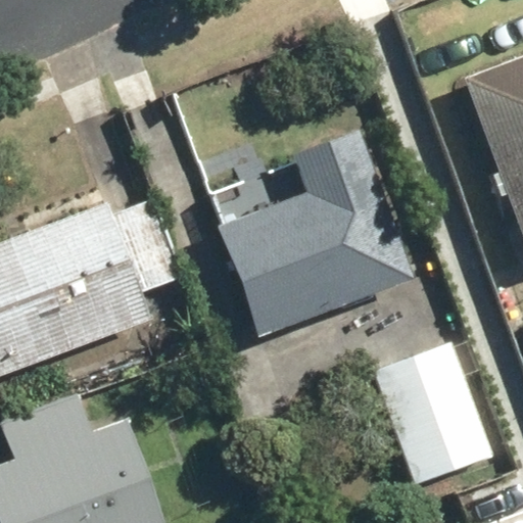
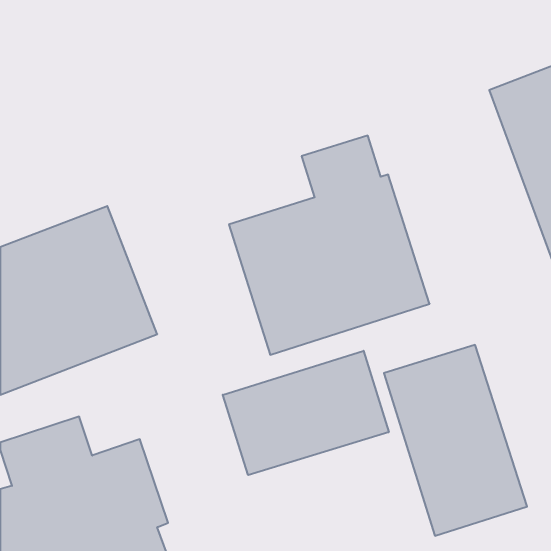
building: none -> [223,351,389,475]

